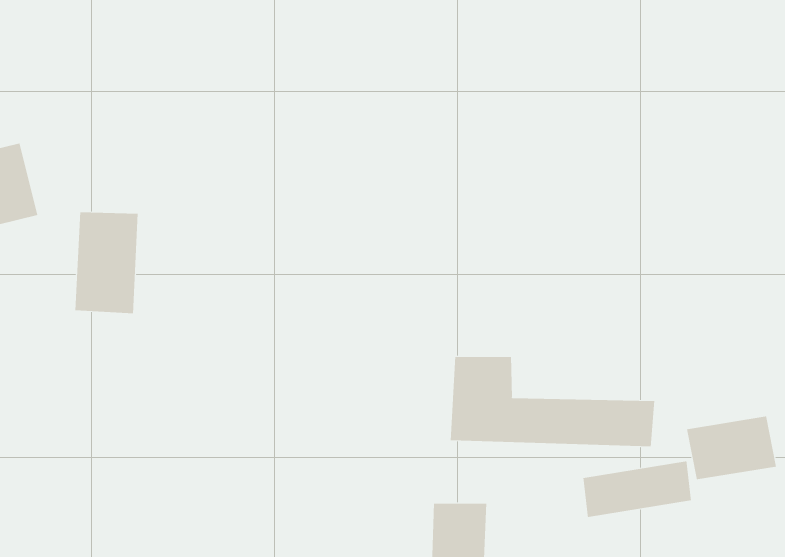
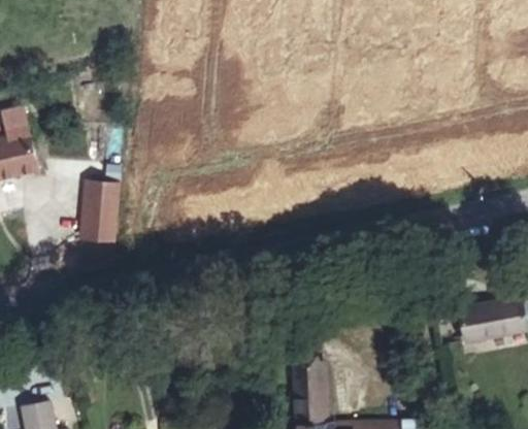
building: [450,356,655,447] -> none
building: [583,461,691,518] -> none

